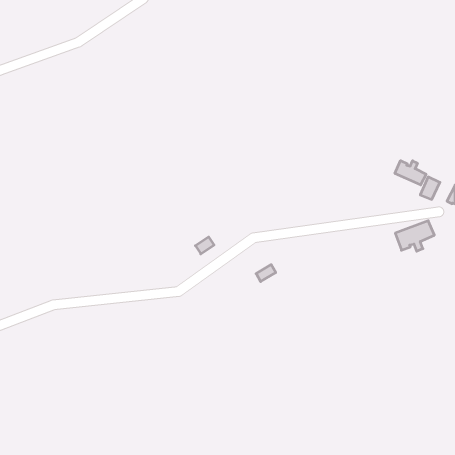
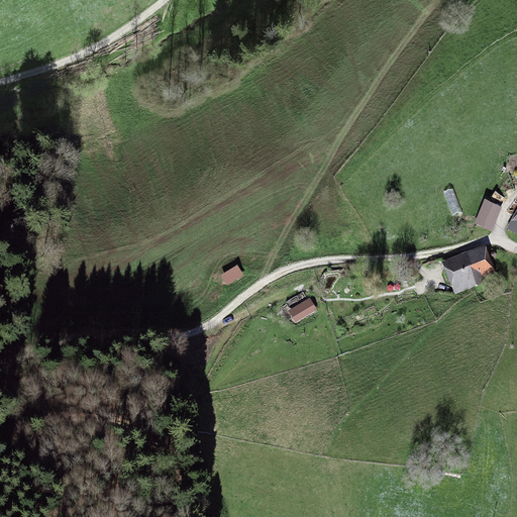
building: [395,161,426,185] -> none

